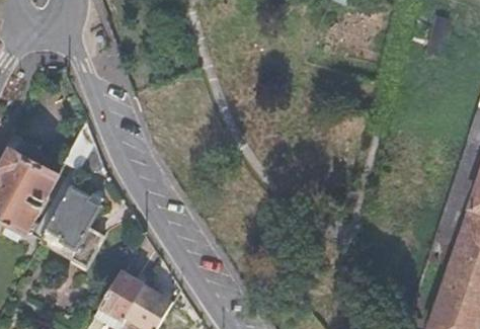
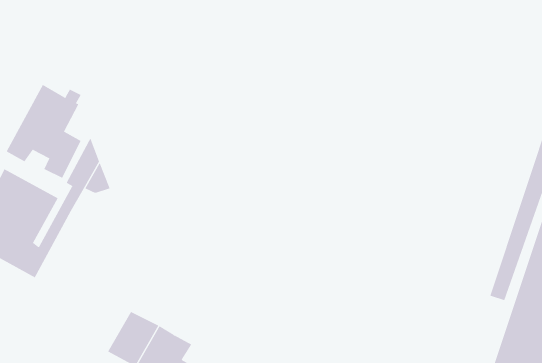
building: [39,185,104,266] -> [6,84,81,179]

